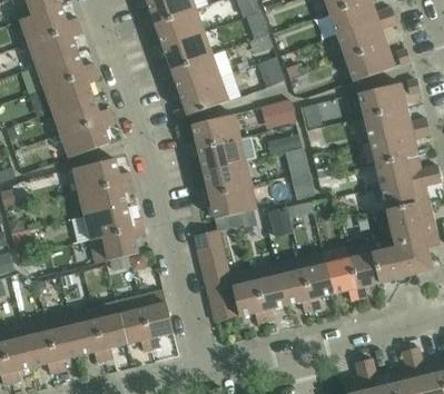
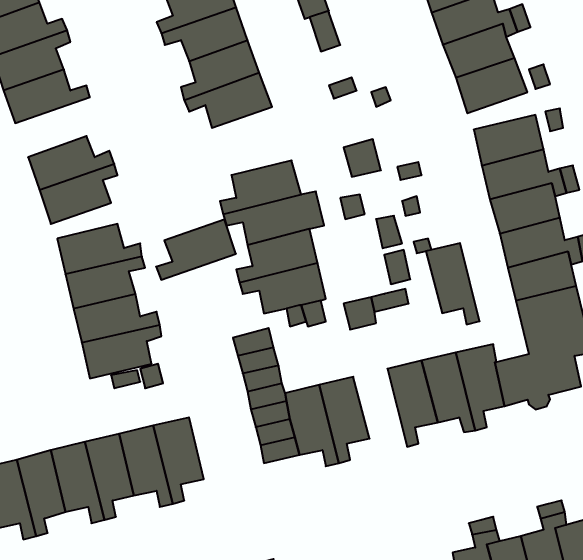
building: [43,71,98,112] -> none
building: [172,78,227,119] -> [156,220,236,280]
building: [275,257,312,313] -> [426,243,480,324]

